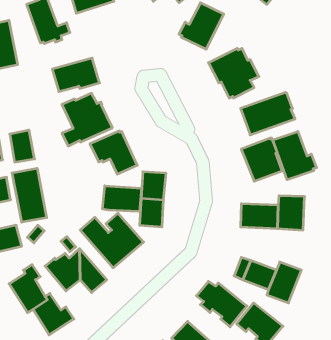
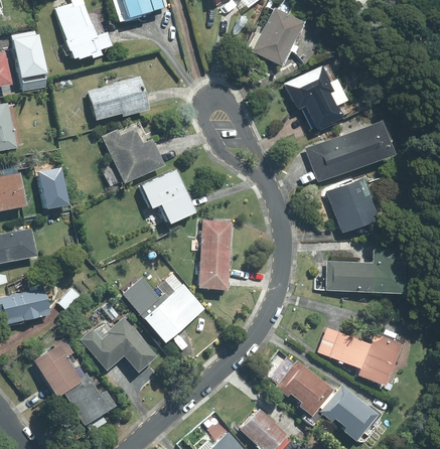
building: none -> [305,141,337,182]
building: [273,131,317,180] -> none
building: [12,168,47,222] -> none
building: [103,186,141,212] -> none

